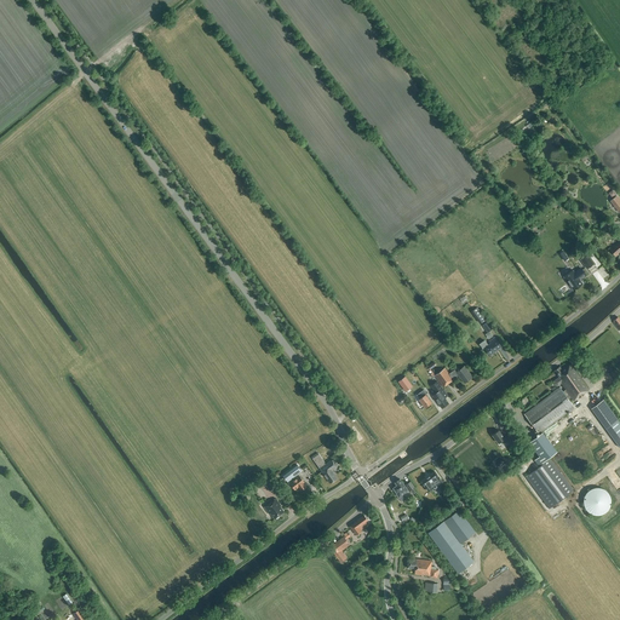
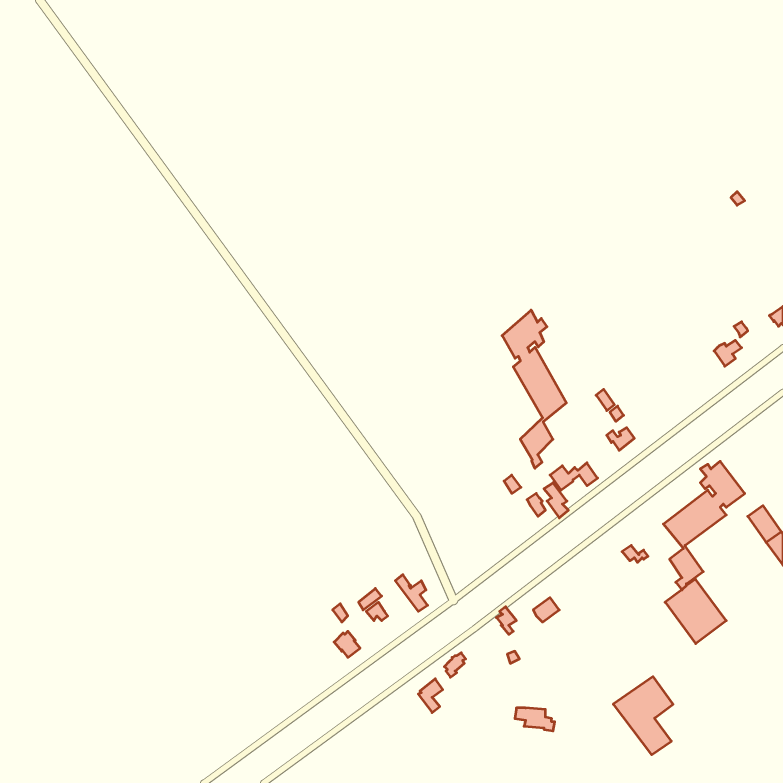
building: none -> [502,310,566,468]
building: [579,486,610,516] -> none
building: [427,511,475,573] -> [613,677,673,755]

